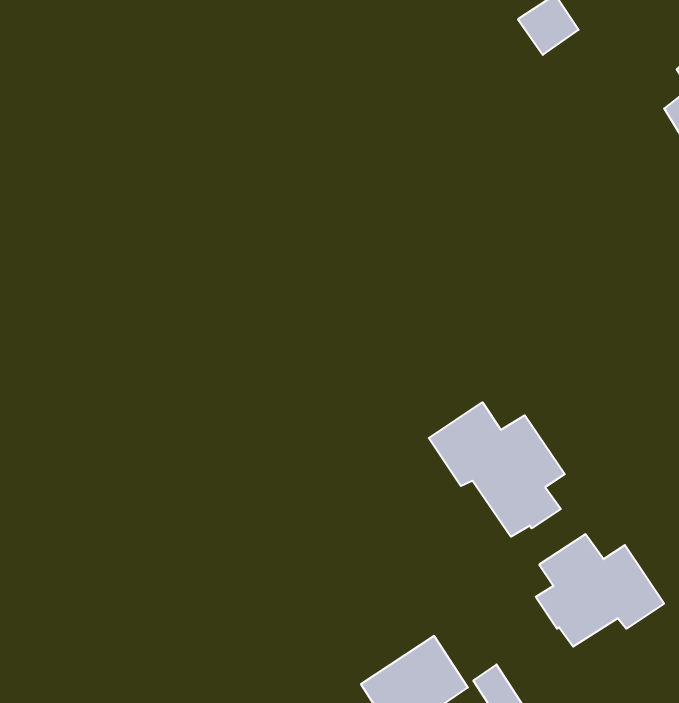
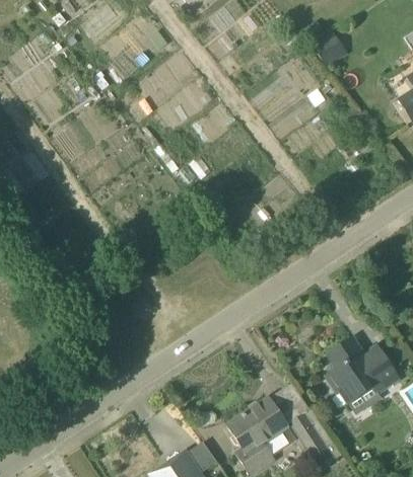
building: [429,402,565,537] -> none

